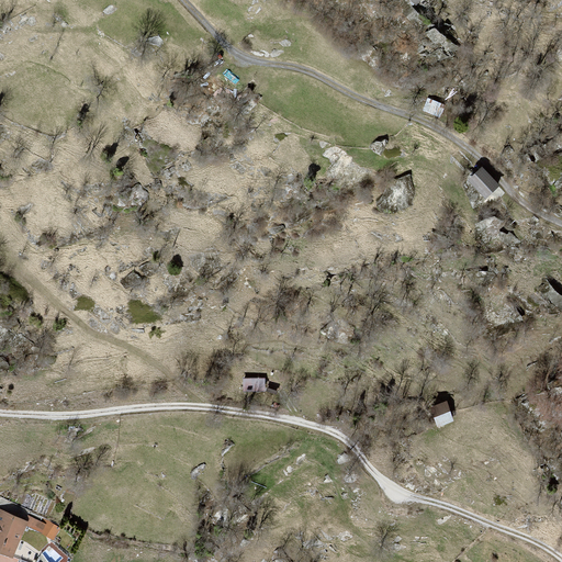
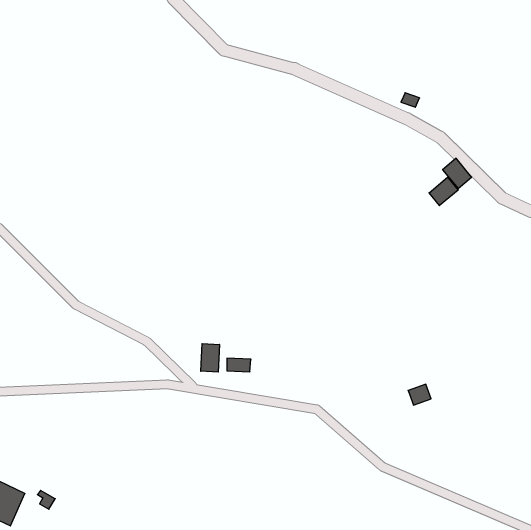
building: none -> [429,177,458,206]
building: none -> [201,344,219,372]

